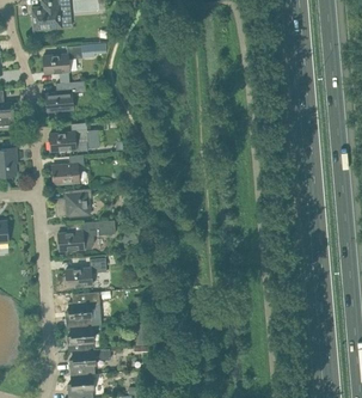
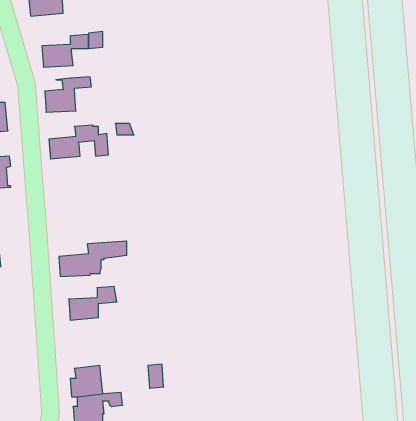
building: [51,157,84,185] -> none
building: [55,189,91,218] -> none
building: [65,293,100,329] -> none

